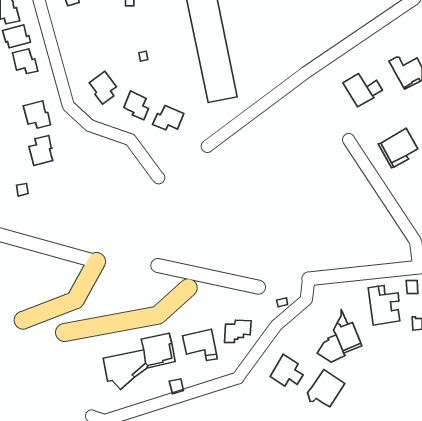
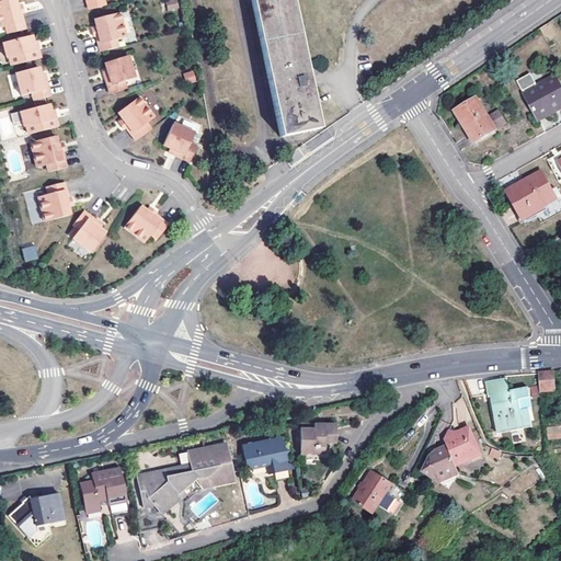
building: none -> [95,10,126,49]
building: none -> [105,54,135,91]
building: none -> [21,102,58,131]
building: [152,105,184,130] -> none
building: none -> [124,203,167,239]
building: none -> [72,209,105,251]
building: none -> [81,468,125,512]
building: [308,370,345,407] -> none
building: none -> [13,490,68,534]

